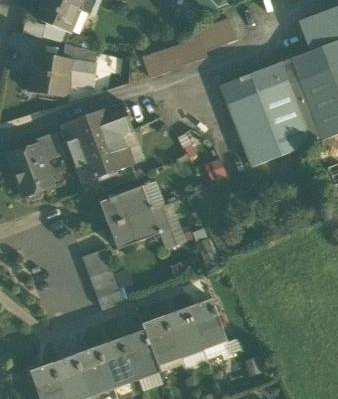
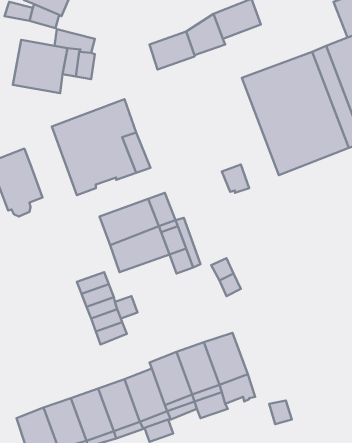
building: [34,131,64,157] -> none

